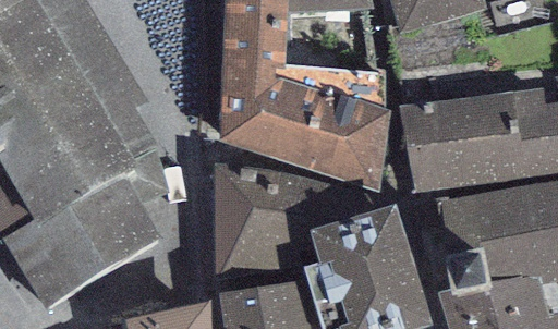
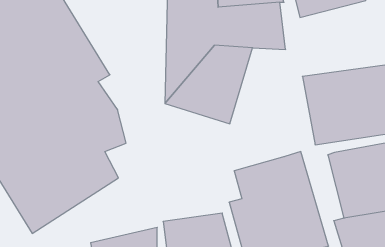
building: [305,70,391,187] -> none
building: [215,166,376,276] -> none

